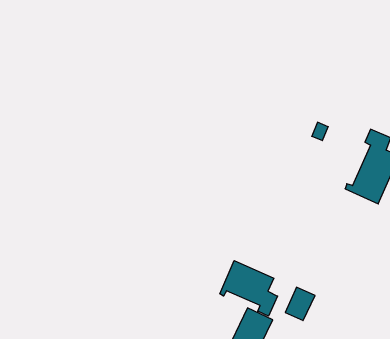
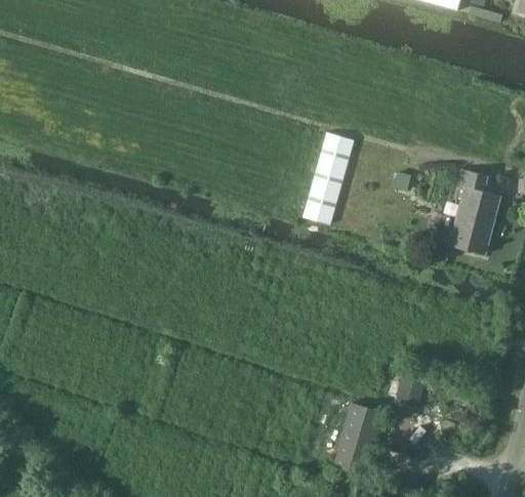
building: none -> [301,132,354,224]
building: [220,261,278,316] -> none

